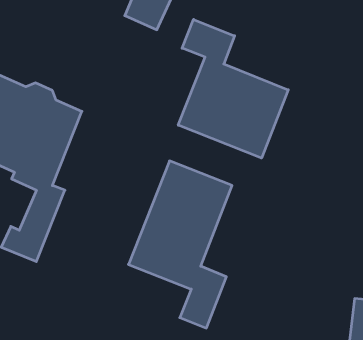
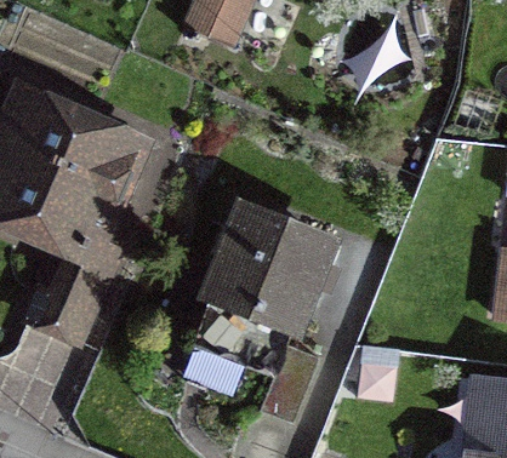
building: [178,19,288,158] -> none

